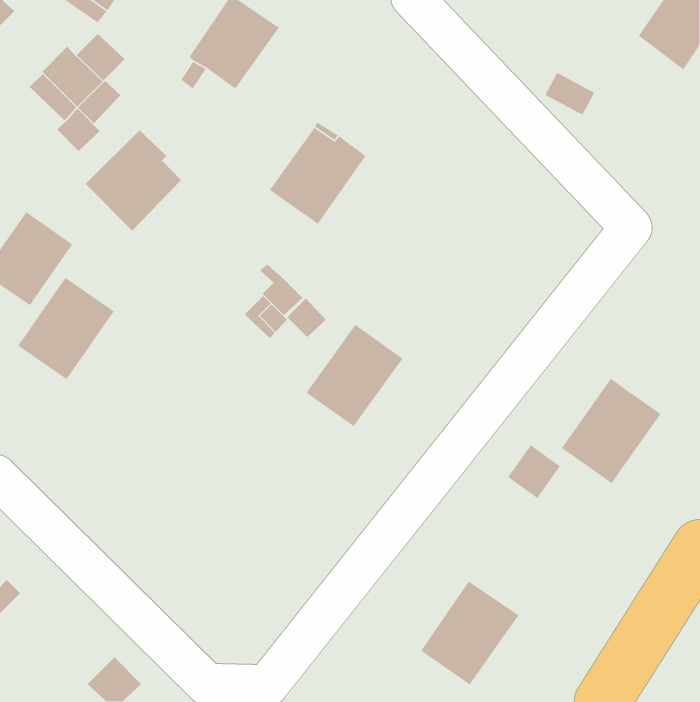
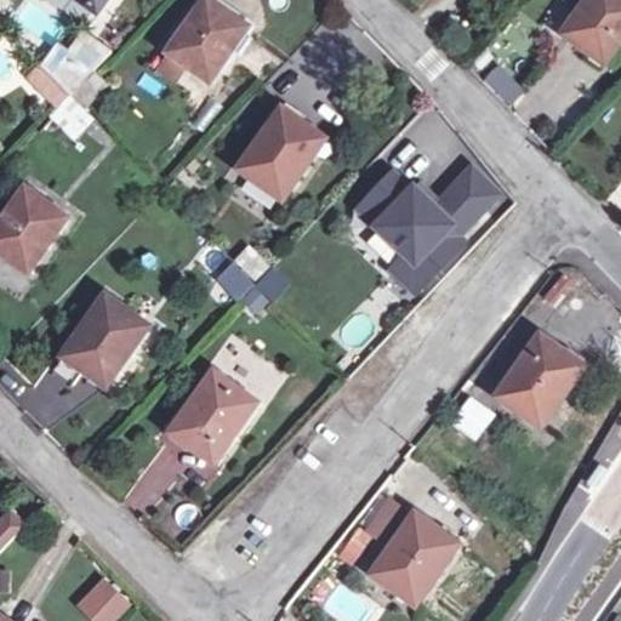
building: [85,130,182,231] -> none
building: none -> [351,163,505,296]
building: [17,277,115,380] -> [61,294,147,384]
building: [306,324,403,427] -> [169,370,255,461]

